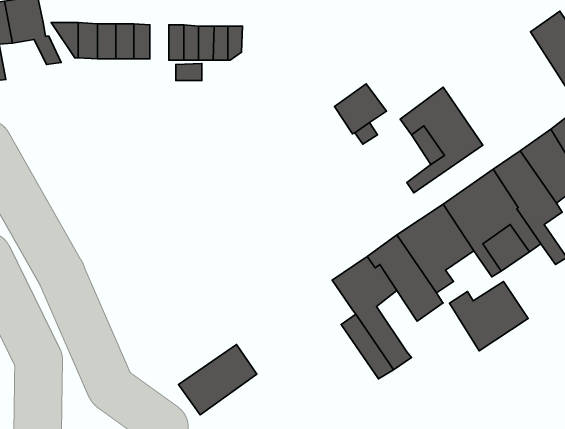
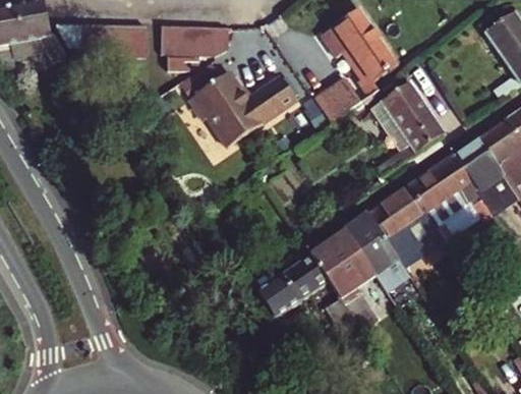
building: none -> [323,6,399,93]
building: none -> [185,74,294,154]
building: [449,281,528,351] -> none
building: [179,345,257,415] -> [258,252,329,316]

